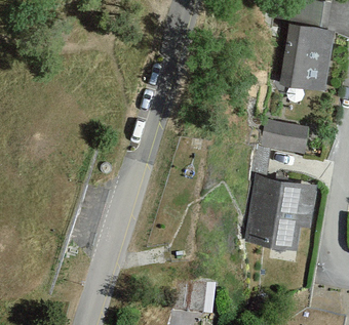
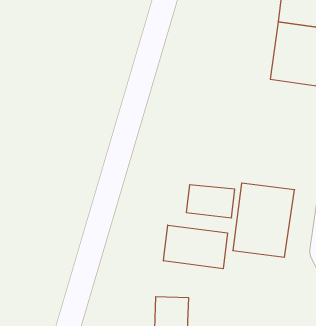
building: [261,120,306,151] -> [186,185,235,218]
building: none -> [163,225,227,269]

